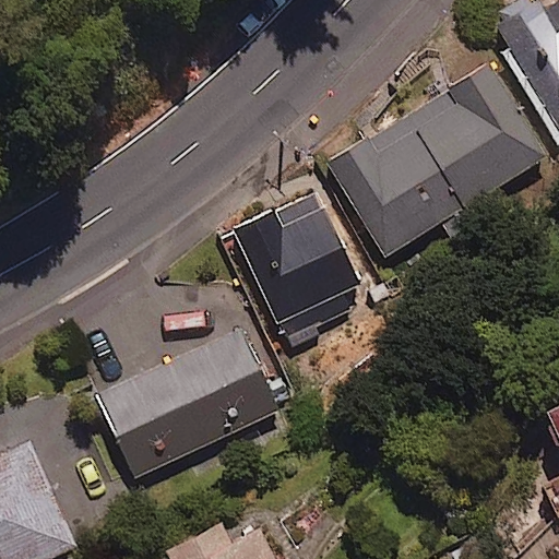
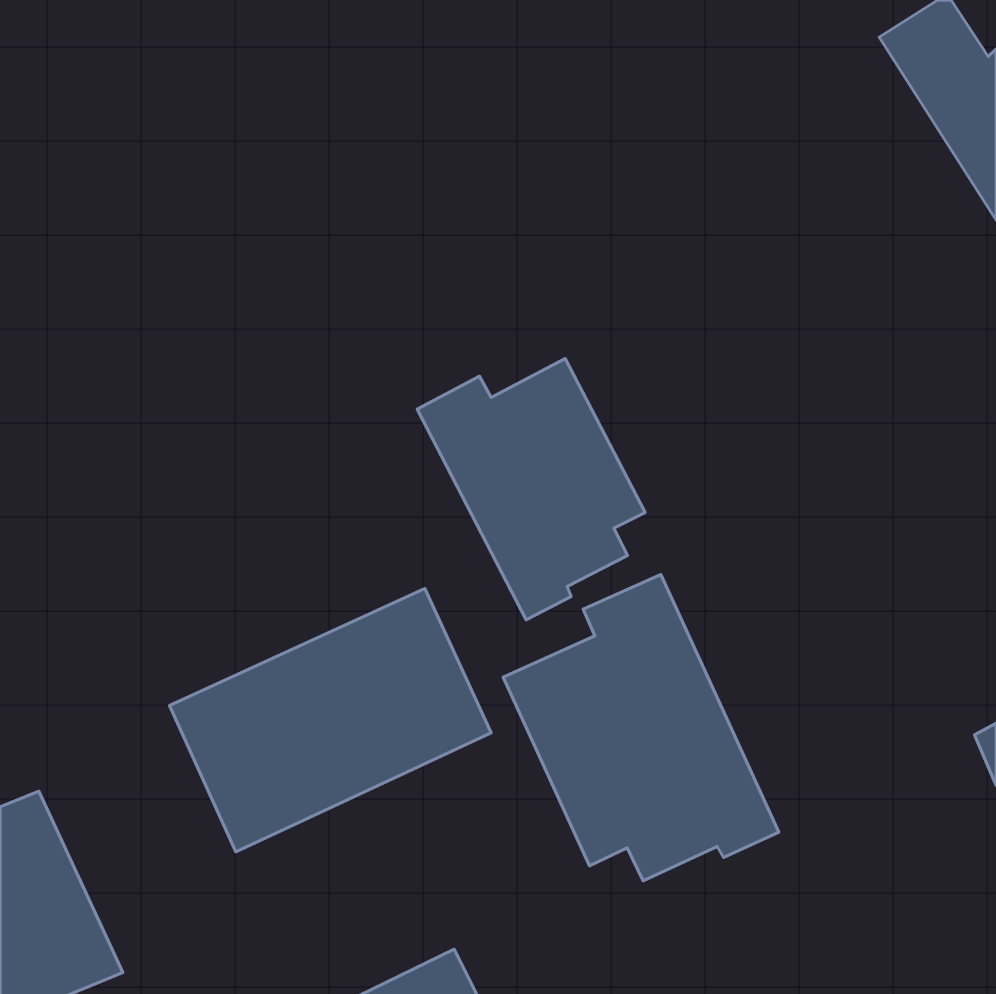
building: [325,66,544,255] -> none
building: none -> [503,574,779,881]

